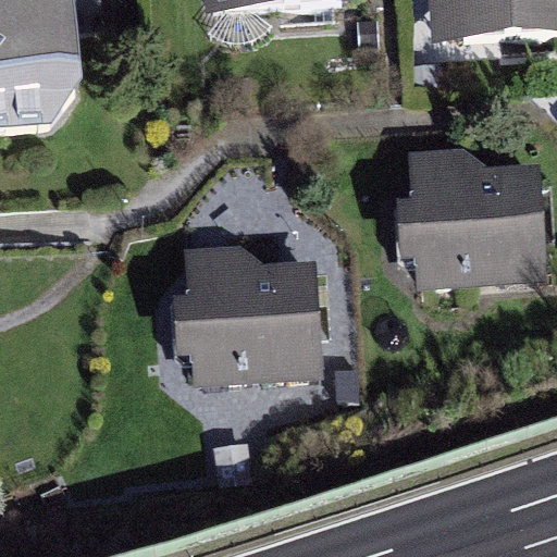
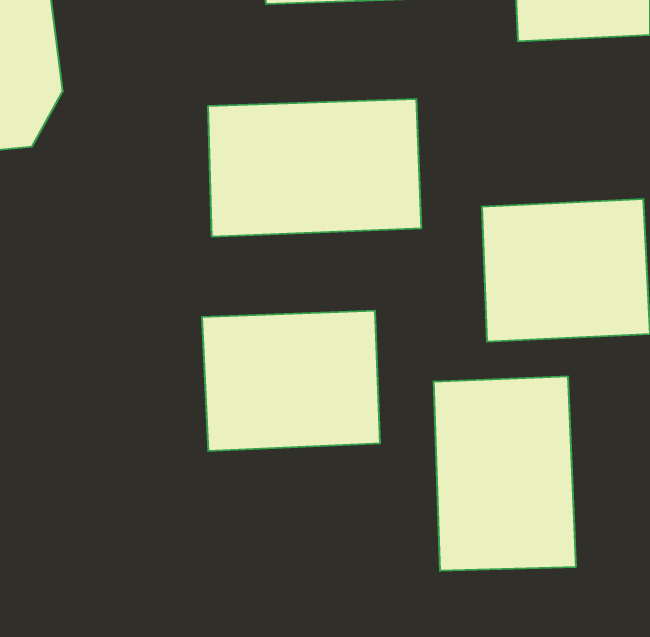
building: none -> [208,99,421,237]
building: none -> [434,376,576,571]

